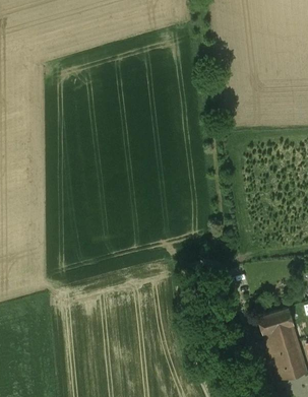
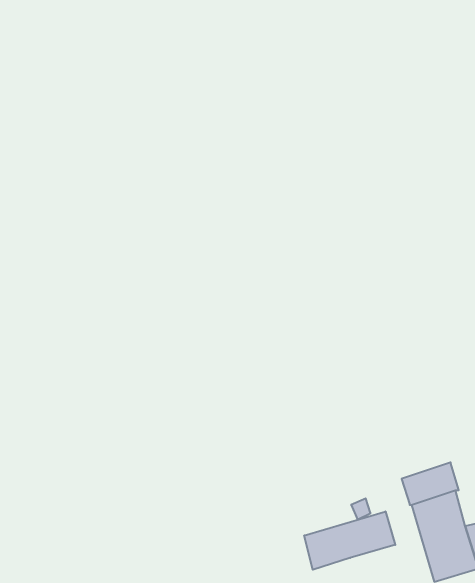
building: none -> [304,511,395,570]

